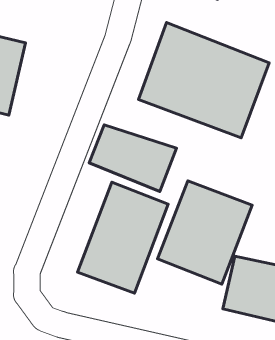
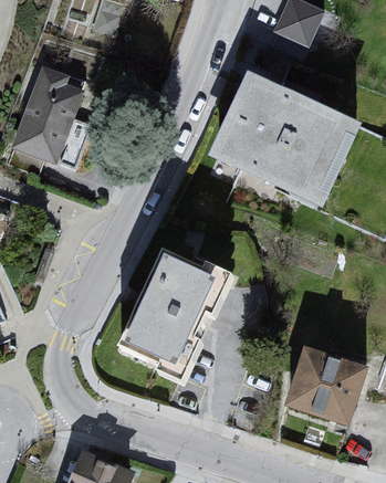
building: [89,125,176,191] -> none
building: [157,181,252,284] -> none

